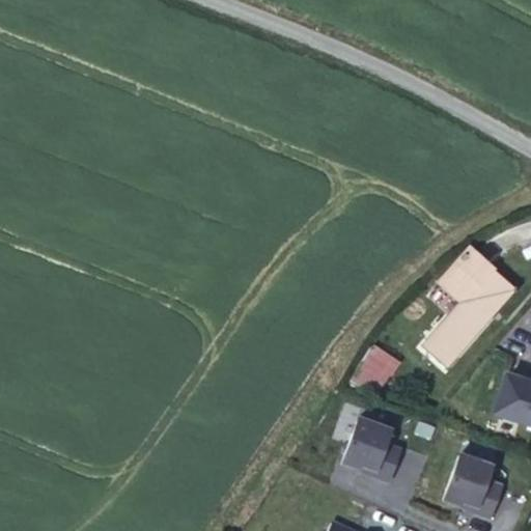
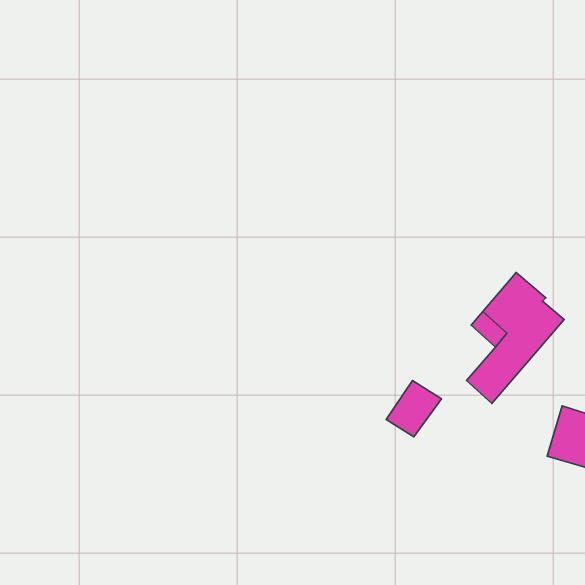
building: [345,419,402,481] -> none
building: [446,456,504,518] -> none

